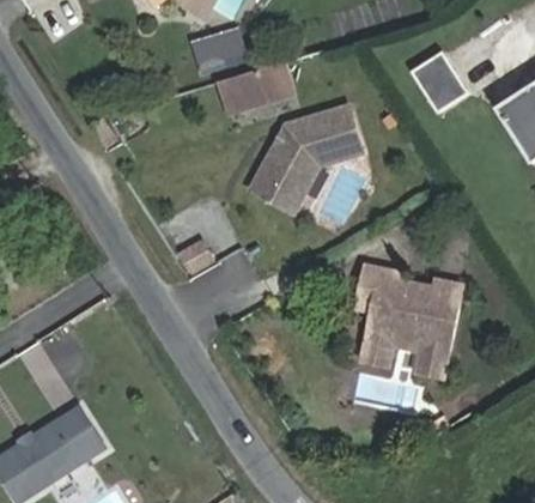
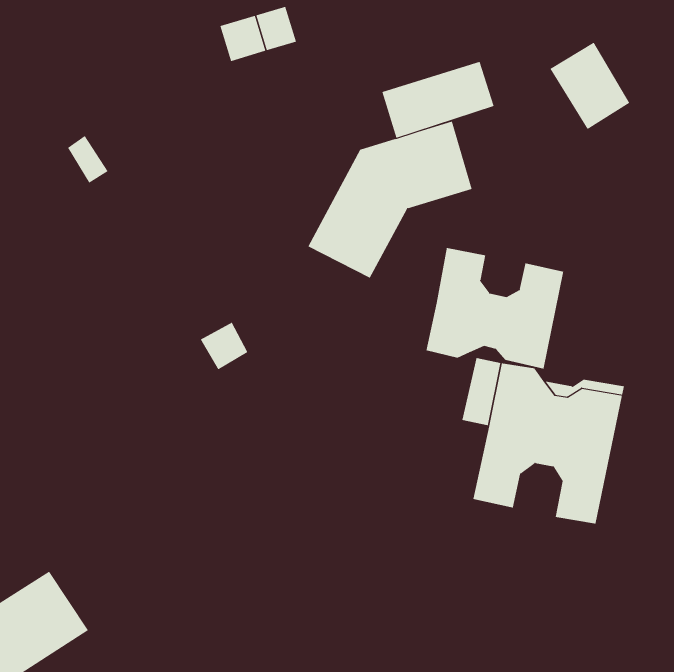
building: [217,61,292,113] -> [382,61,494,138]
building: none -> [426,247,564,369]

